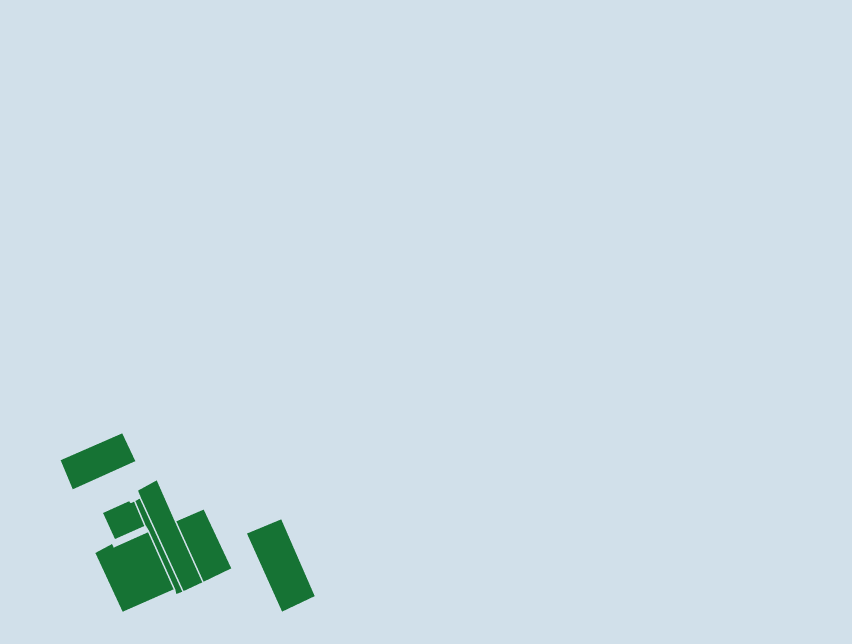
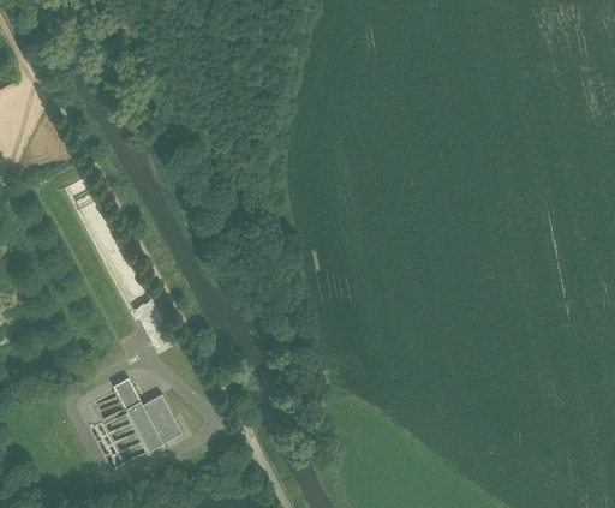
building: [60,433,136,490] -> none
building: [246,518,316,613] -> none

